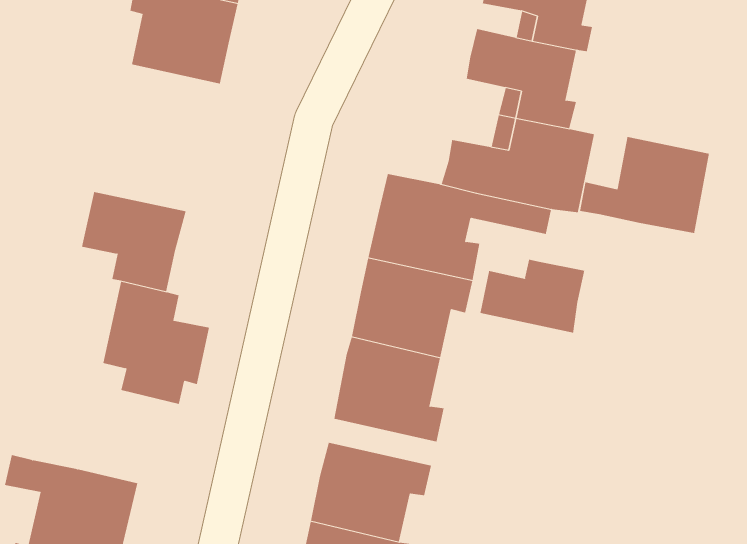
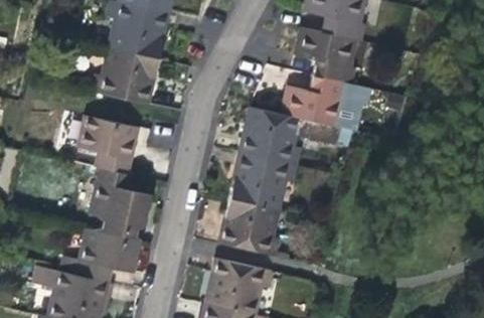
building: none -> [89,45,156,102]
building: [579,136,709,234] -> none
building: [480,259,585,333] -> none
building: none -> [75,225,140,281]

